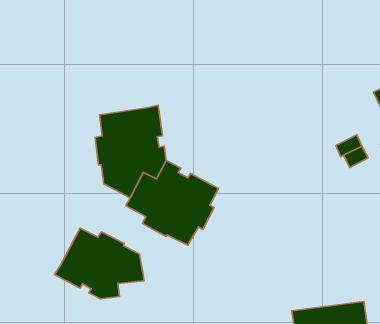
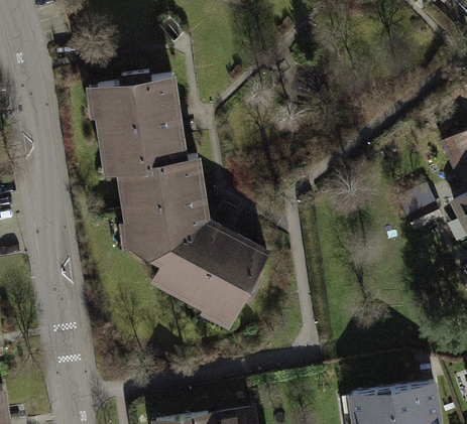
building: none -> [97,73,184,170]
building: [54,228,144,299] -> none

